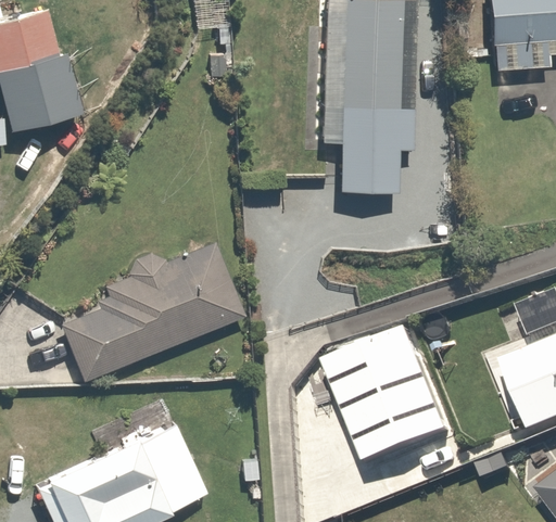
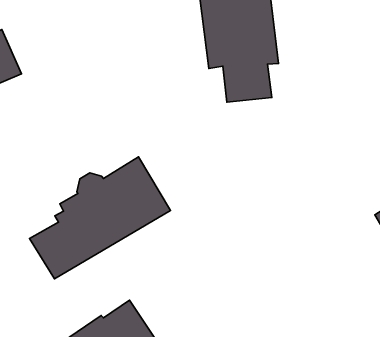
building: [328,331,452,466] -> none

